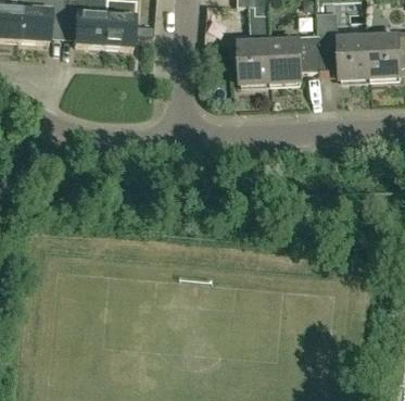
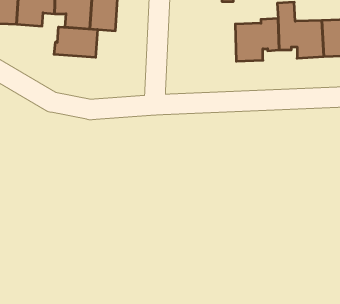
building: [238,40,270,84] -> none
building: none -> [54,27,97,57]

